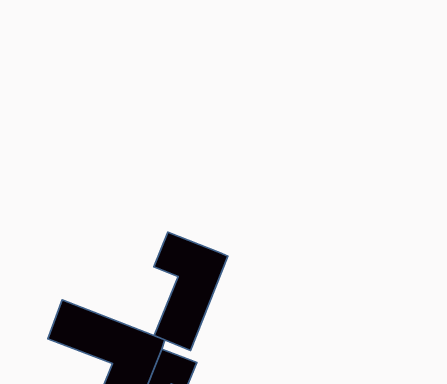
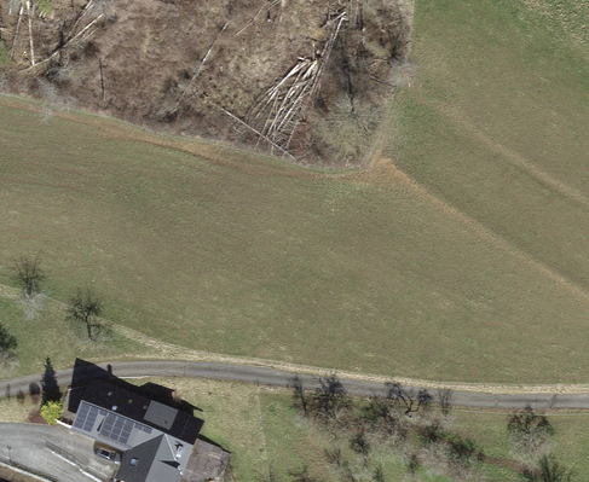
building: [154,232,228,351] -> none

